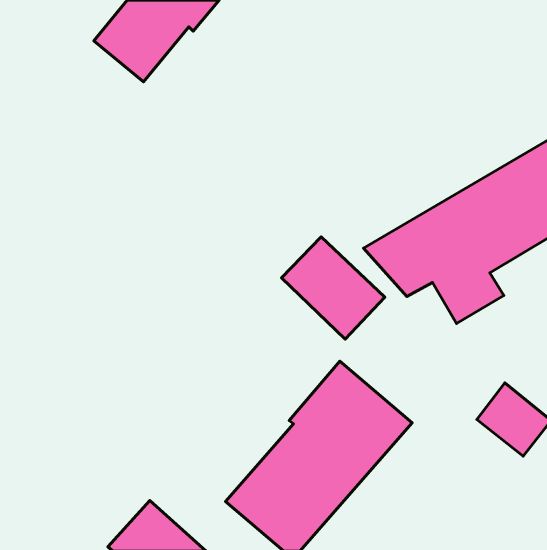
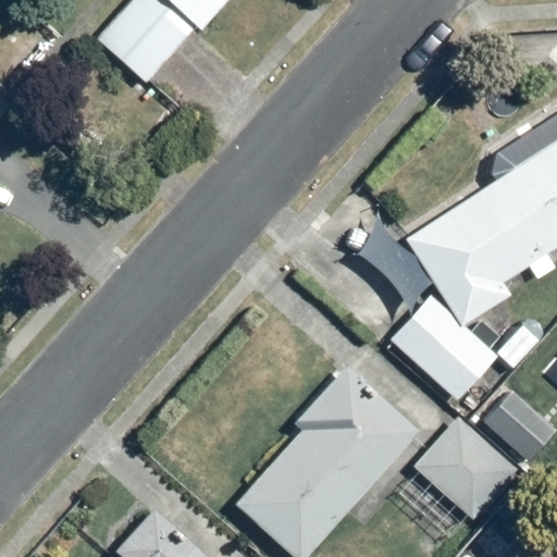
building: [281,237,385,339] -> [389,300,494,404]
building: none -> [418,418,517,518]

